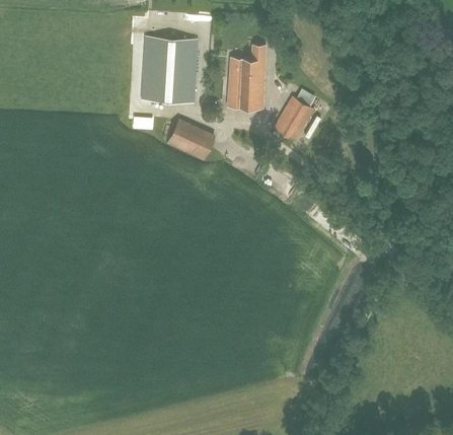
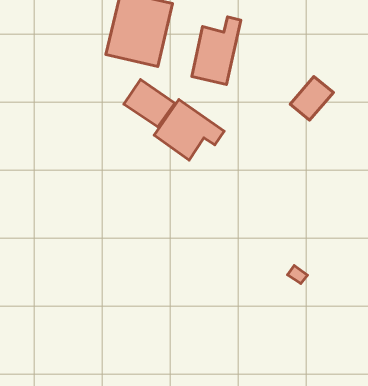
building: [274,97,313,140] -> [290,76,333,120]
building: none -> [154,99,224,160]

